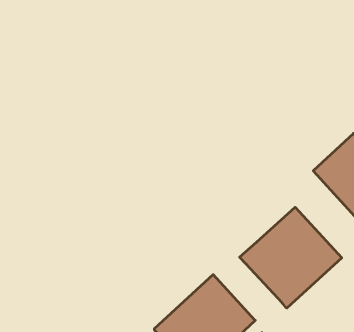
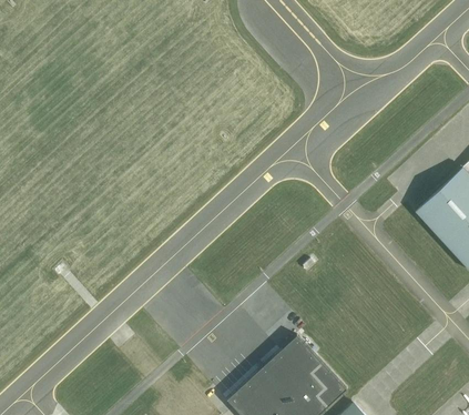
building: [240,207,342,308] -> none

